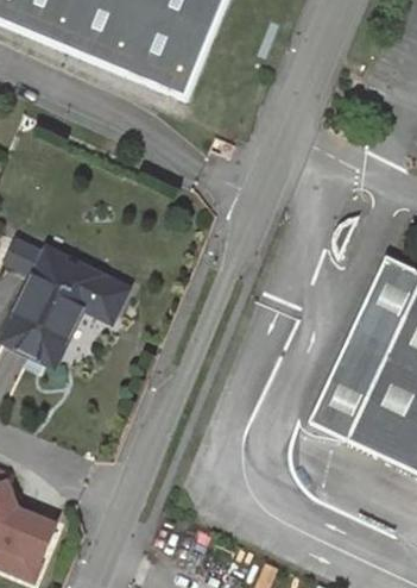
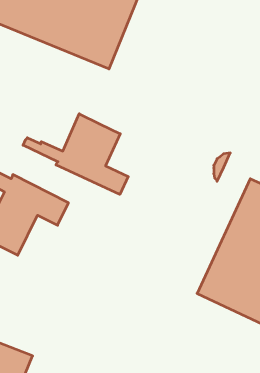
building: none -> [23,114,128,194]

